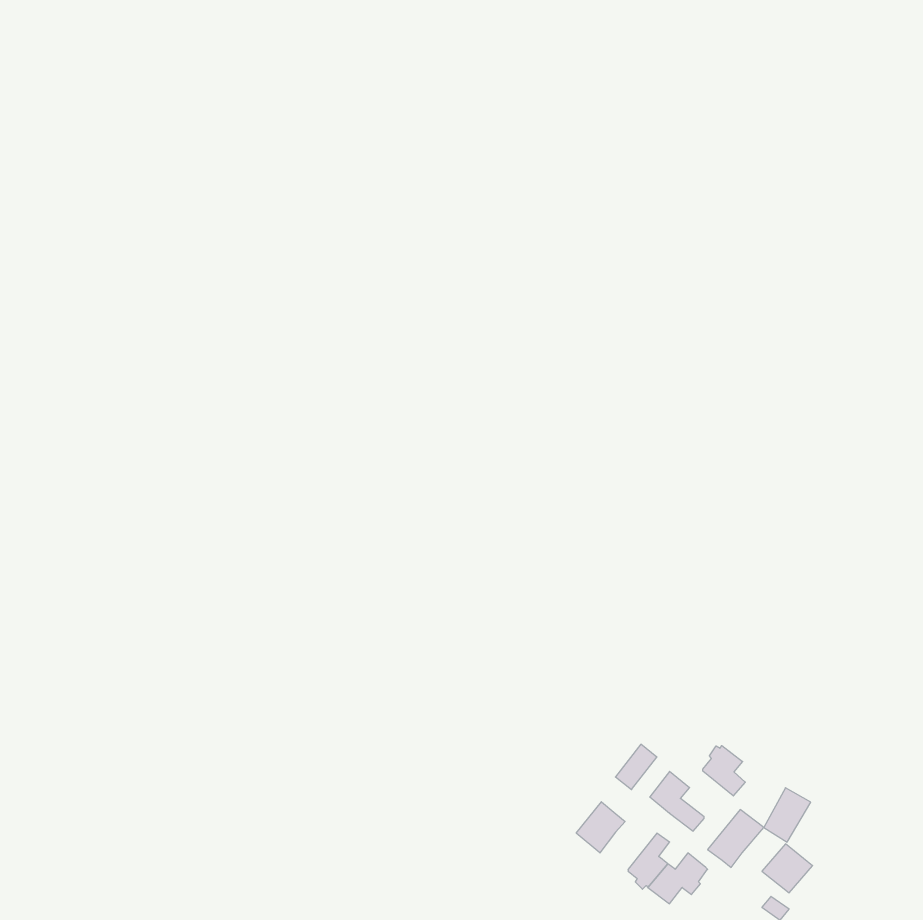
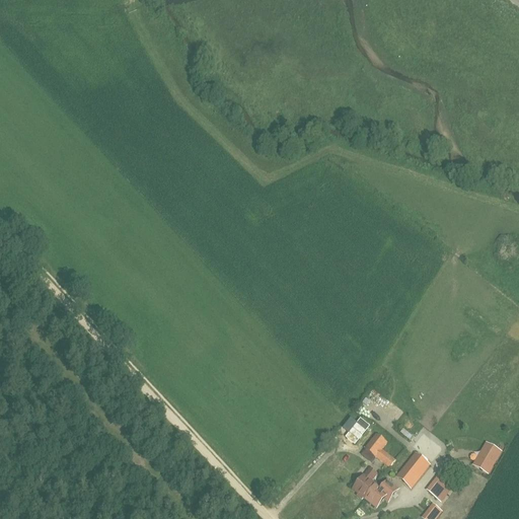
building: [703,746,745,796] -> none
building: [764,788,811,842] -> [473,441,500,471]
building: [576,802,625,853] -> none

